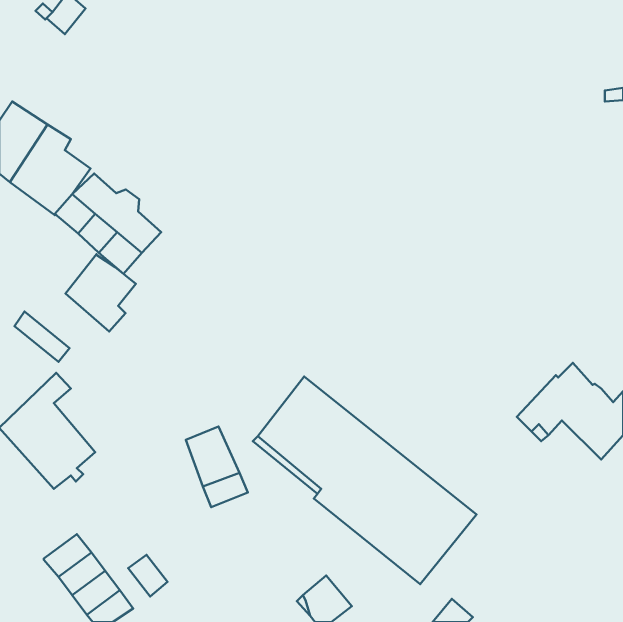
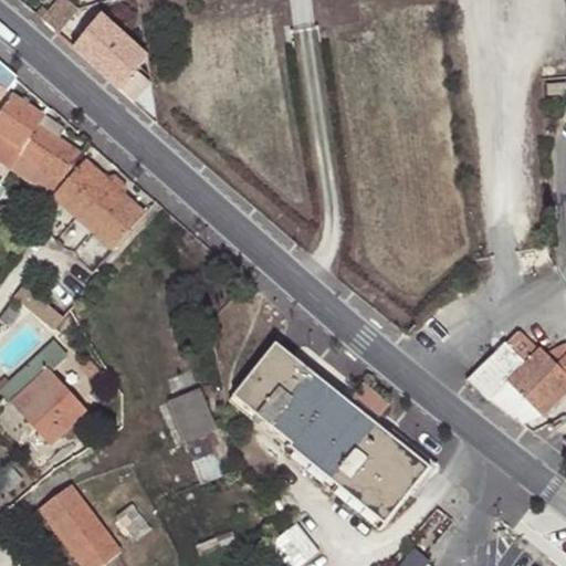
building: none -> [72,13,155,122]
building: [66,254,136,332] -> none

